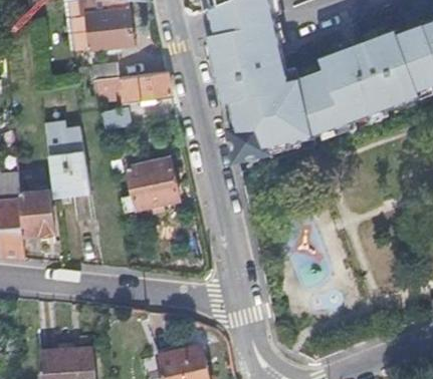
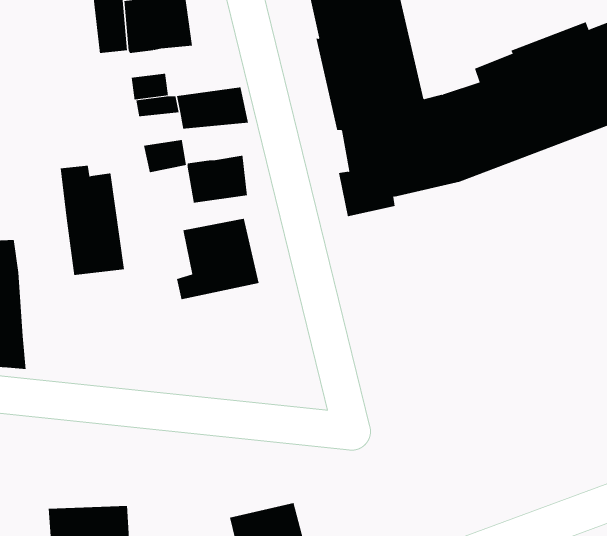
building: none -> [187,155,248,203]
building: [19,193,52,238] -> none

